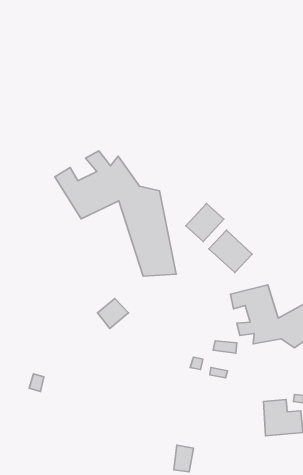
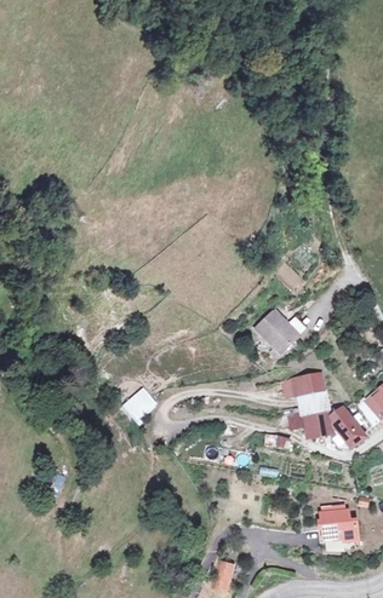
building: [55,151,176,276] -> none
building: [186,204,224,241] -> none

